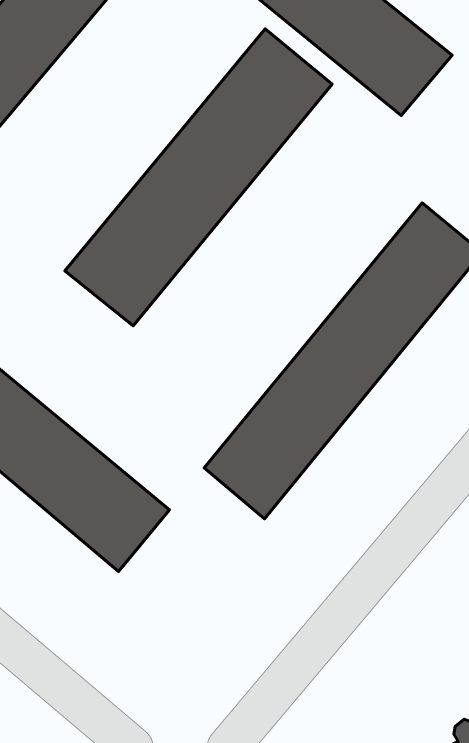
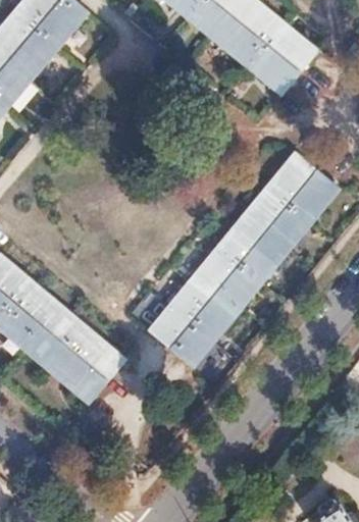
building: [65,29,332,326] -> none

